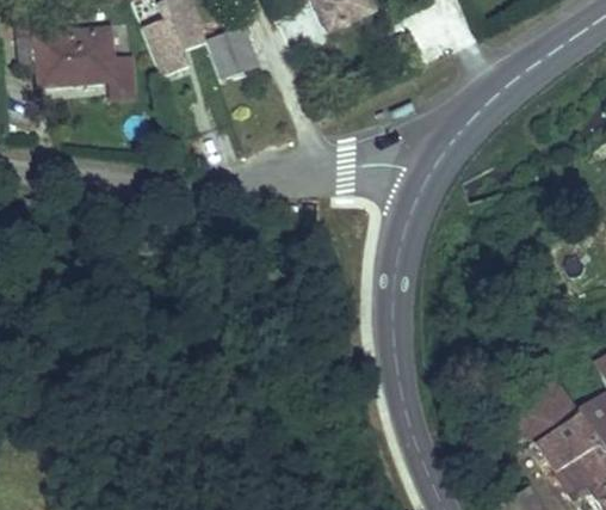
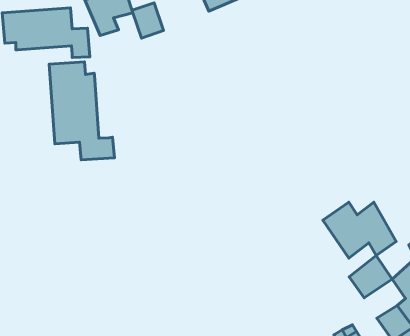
building: none -> [49,62,115,160]
building: none -> [323,202,396,258]
building: [536,413,594,468] -> none

